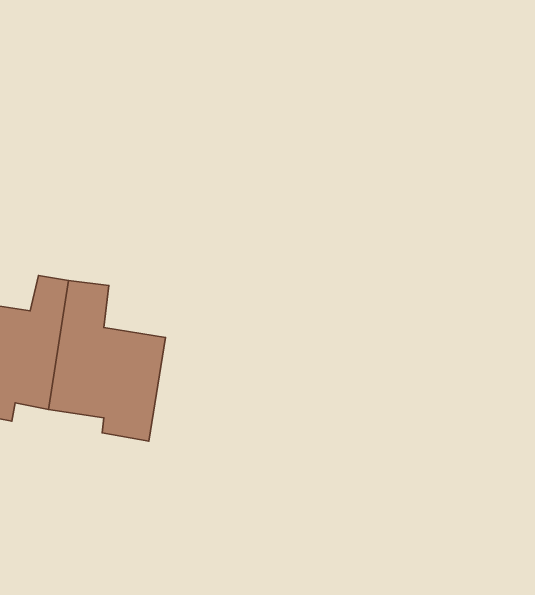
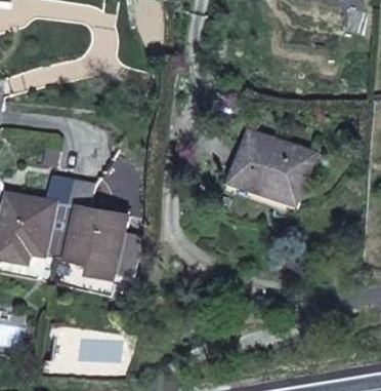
building: none -> [230,129,318,206]

